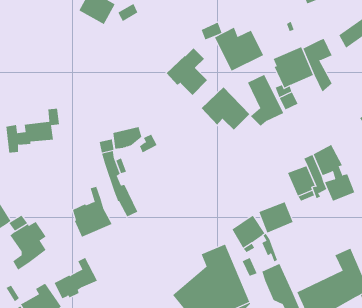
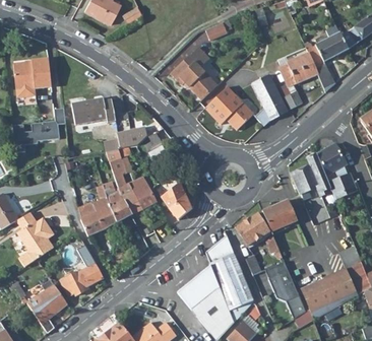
building: none -> [326,25,349,56]
building: [214,27,264,72] -> none
building: none -> [13,58,52,97]
building: none -> [71,97,115,125]
building: none -> [130,177,156,210]
building: none -> [103,182,132,222]
building: none -> [161,182,192,219]

